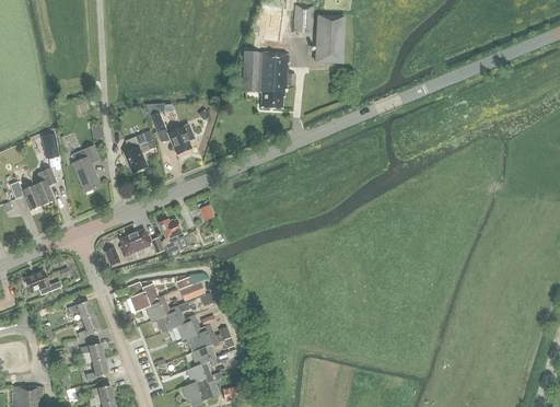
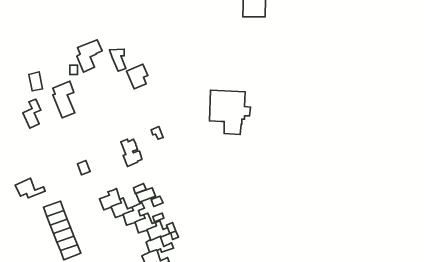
building: [243,51,295,108] -> [210,90,250,134]
building: [124,130,156,172] -> [77,40,102,72]
building: [10,181,43,210] -> none
building: [119,229,164,256] -> none

